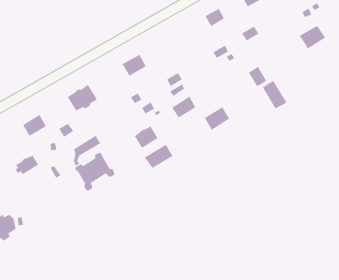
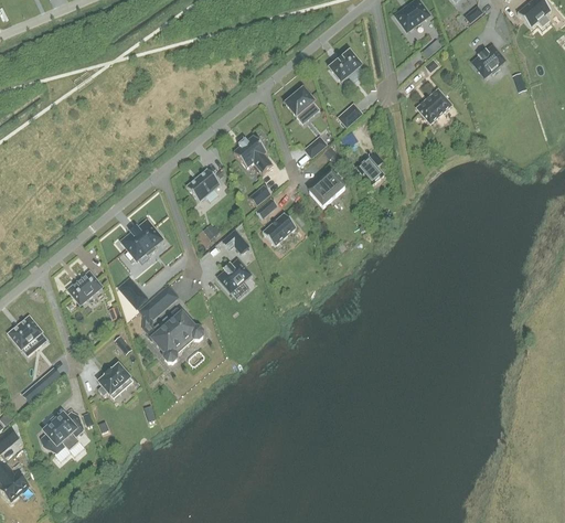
building: none -> [233,135,273,173]
building: [262,80,288,110] -> none
building: [204,106,230,131] -> [309,171,344,206]
building: [144,144,173,169] -> none
building: [14,154,39,175] -> [98,364,130,394]

